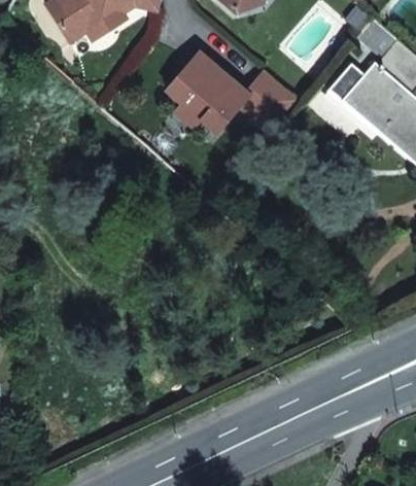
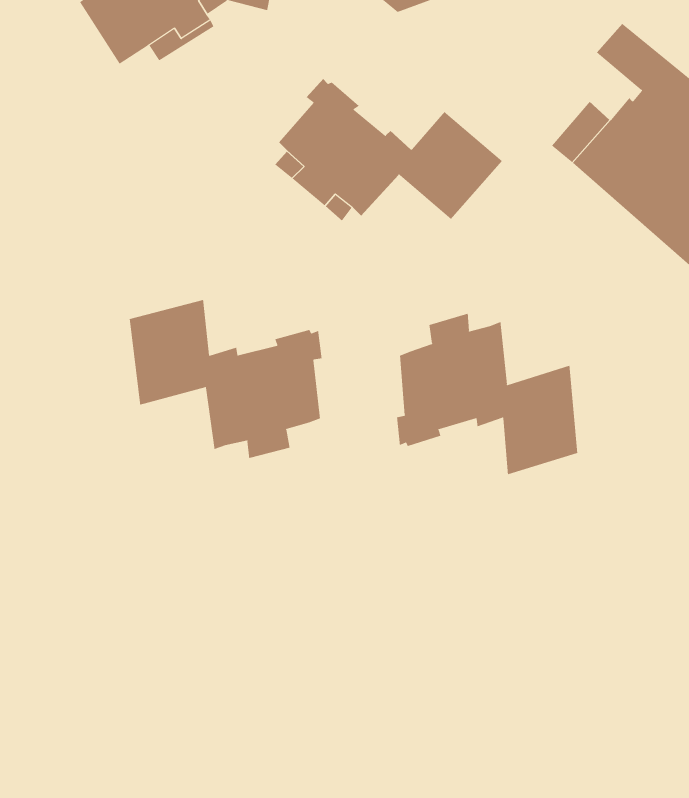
building: none -> [129,299,322,459]
building: none -> [396,313,578,475]

